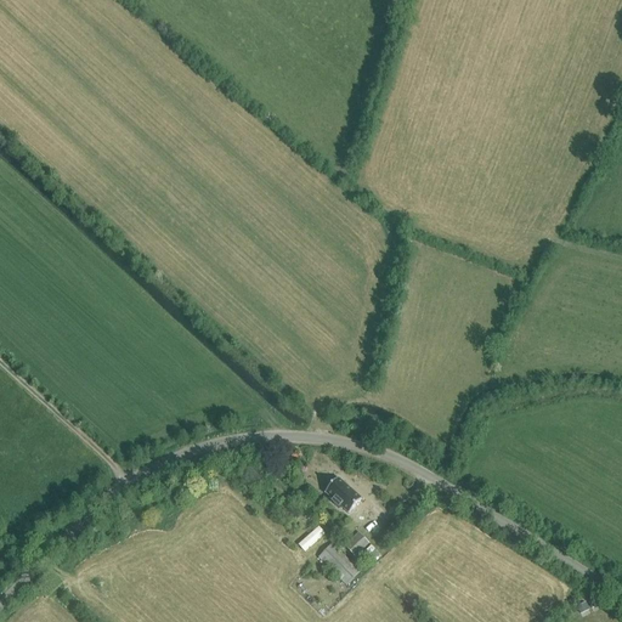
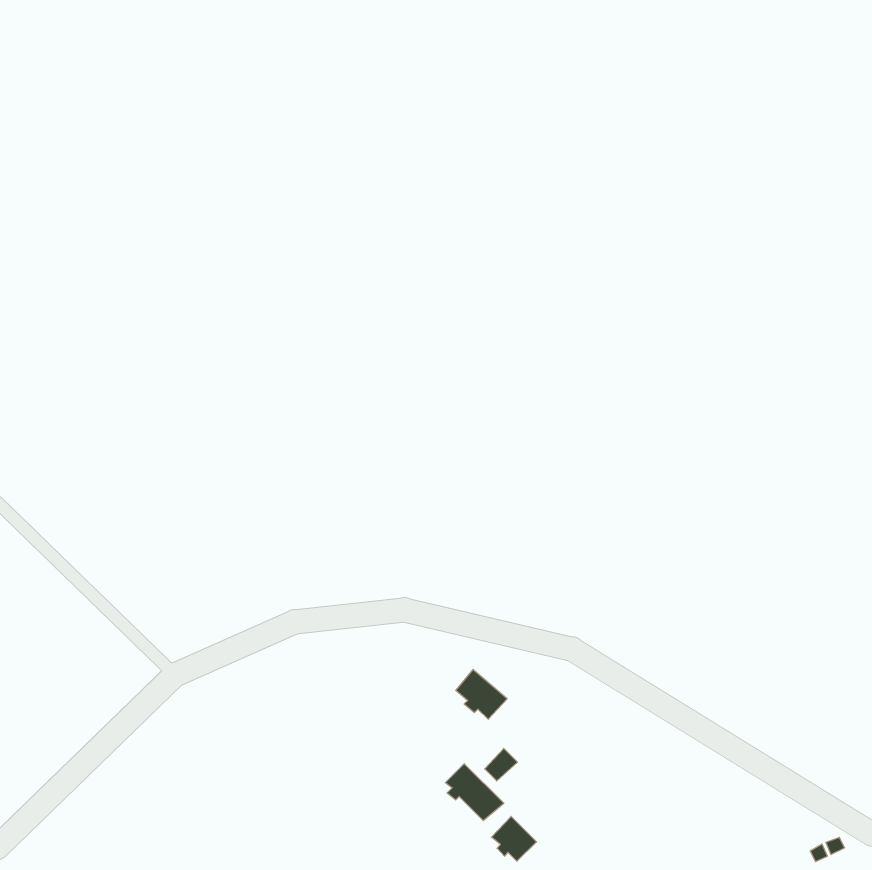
building: none -> [491,816,537,861]

